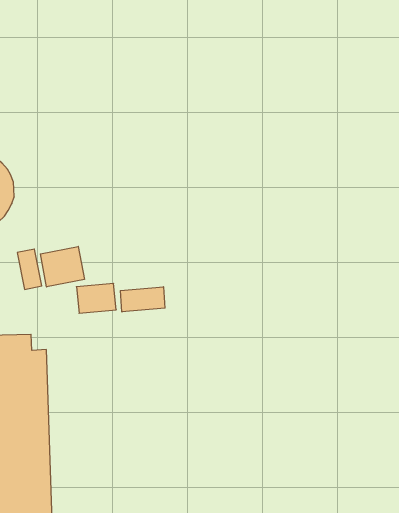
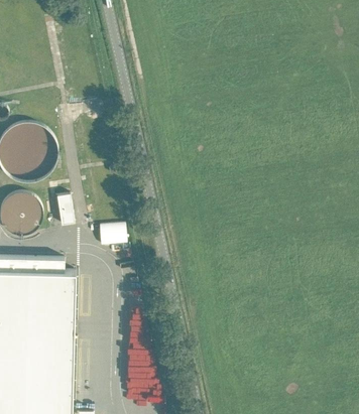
building: [40,246,84,287] -> none
building: [120,287,165,312] -> none

